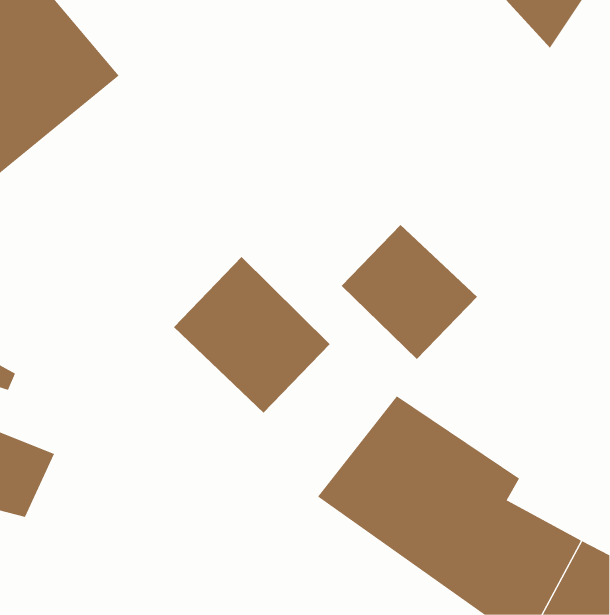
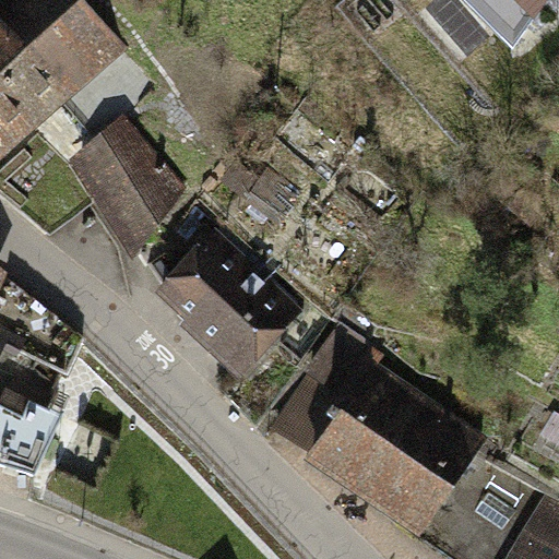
building: none -> [64,116,190,243]
building: [341,224,478,360] -> none

